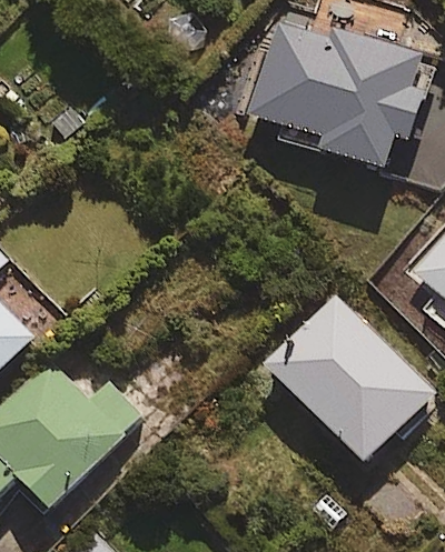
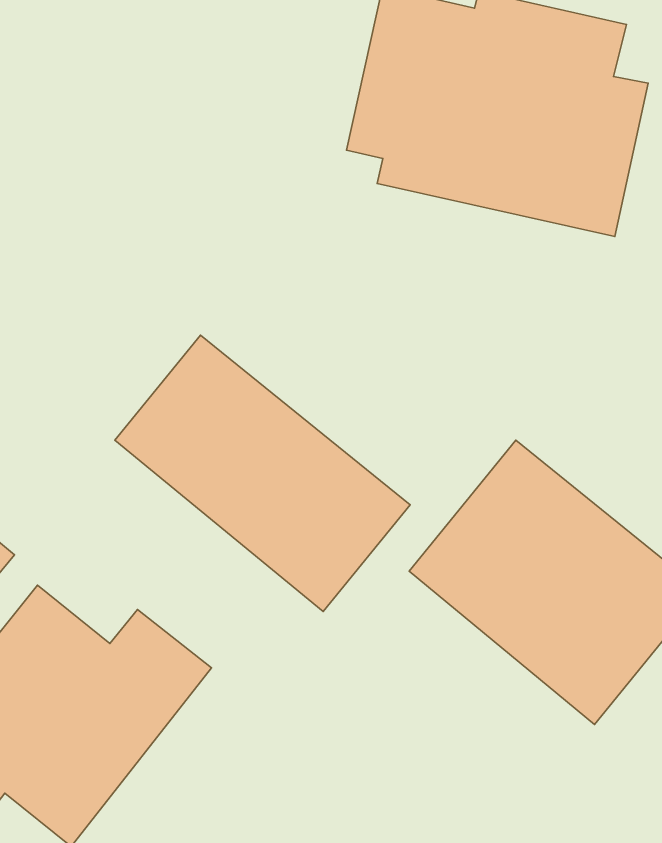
building: none -> [115,335,410,612]

